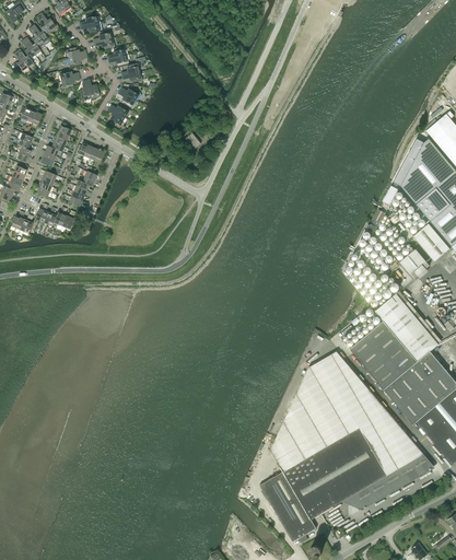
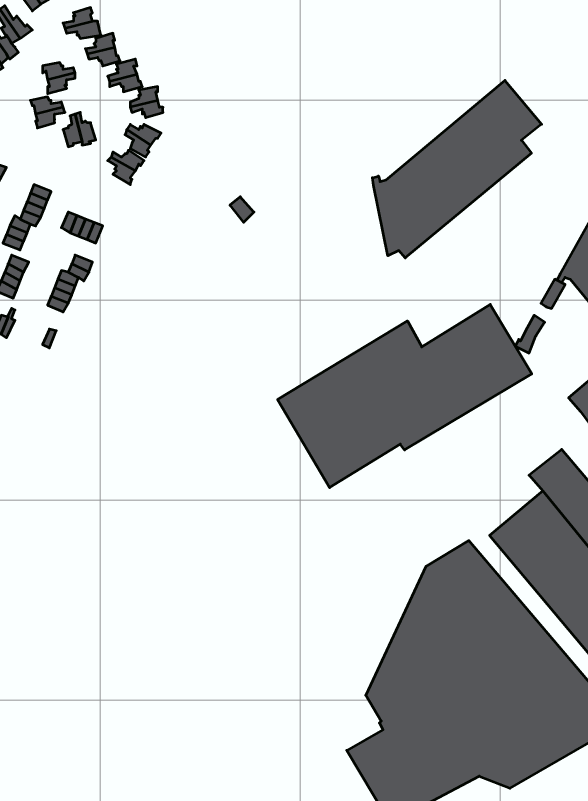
building: none -> [372,80,542,258]
building: none -> [278,304,532,488]

